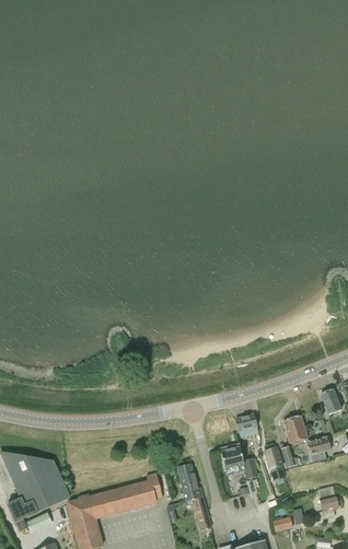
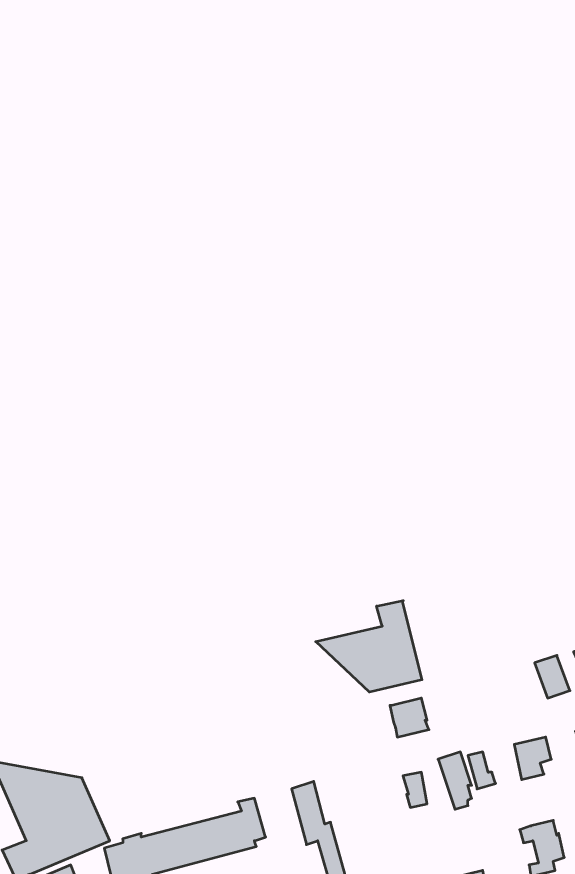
building: none -> [316,601,422,692]
building: [282,416,308,443] -> none
building: [221,448,246,477] -> none

